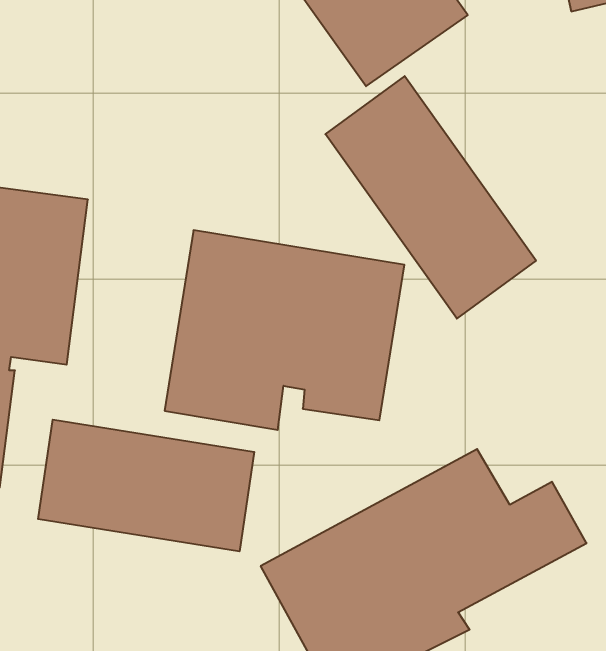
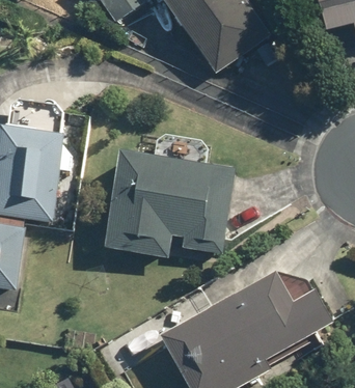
building: [325,76,536,319] -> none
building: [38,420,254,551] -> none

